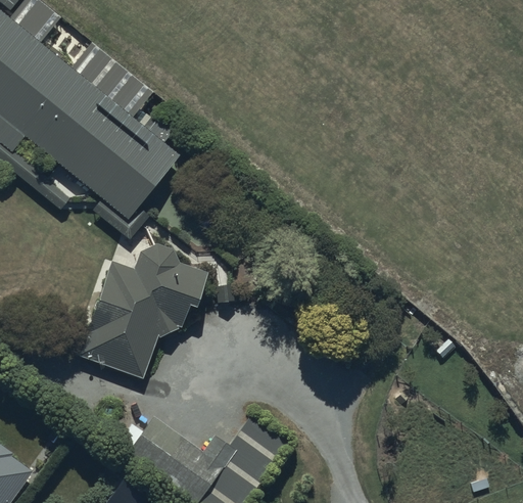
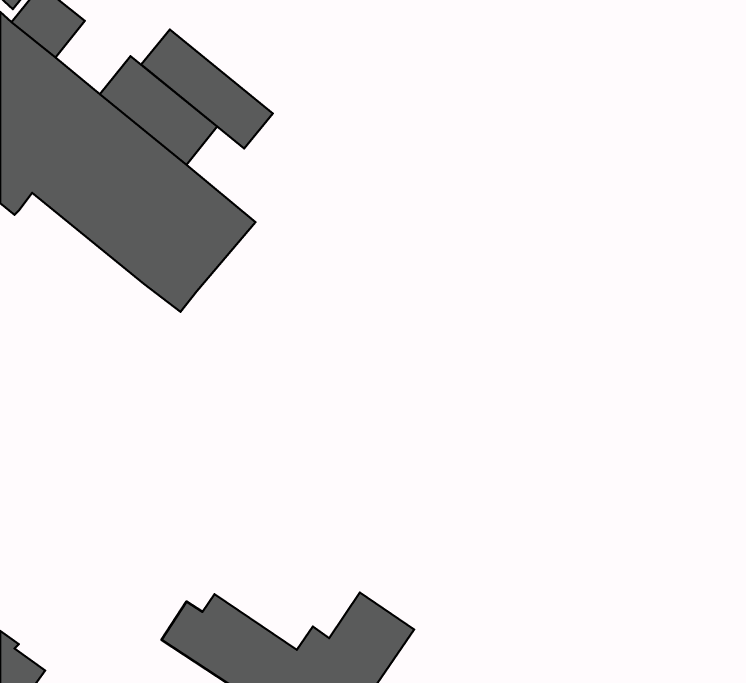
building: none -> [141,30,273,148]
building: [77,243,208,378] -> none

